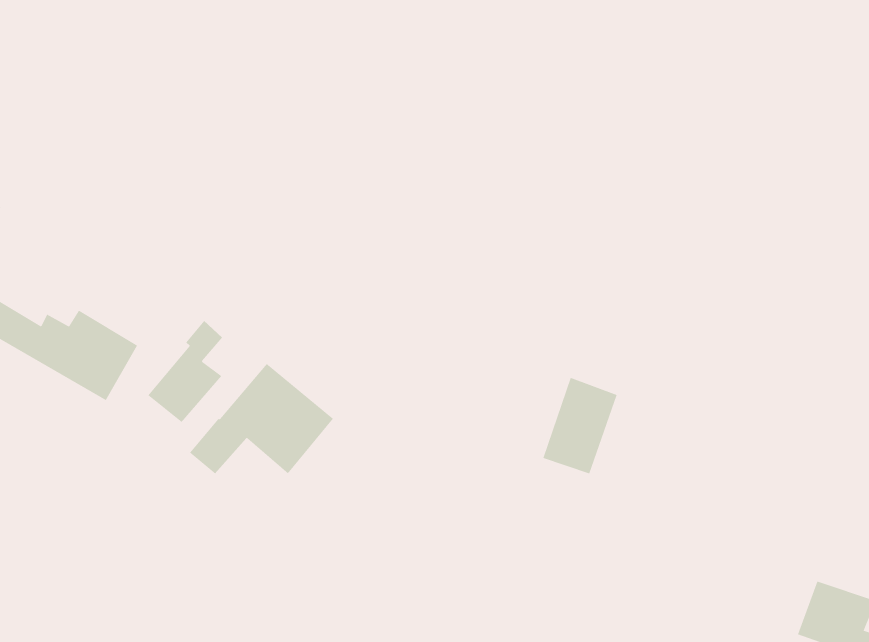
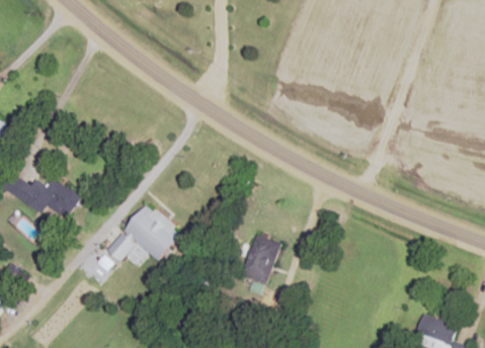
building: [148,320,223,423] -> none
building: [542,377,618,474] -> [240,235,278,284]

